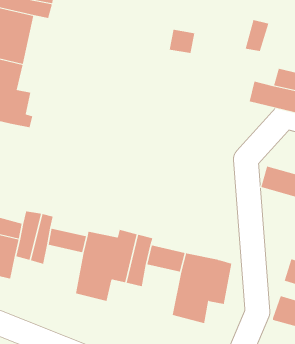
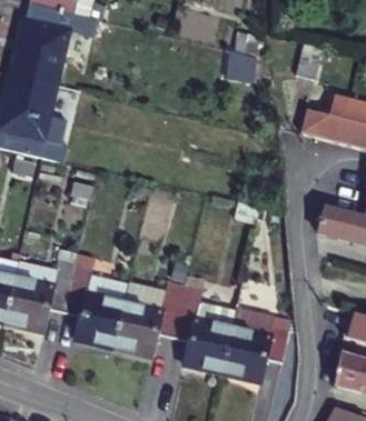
building: none -> [68,297,117,352]
building: none -> [180,319,228,377]

